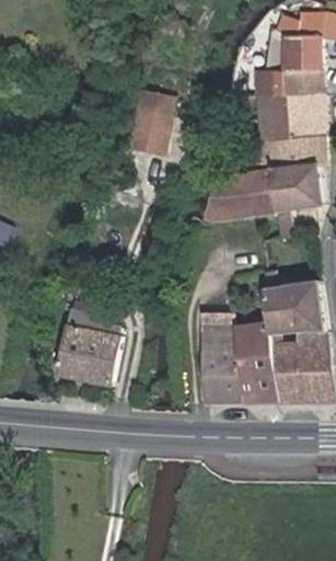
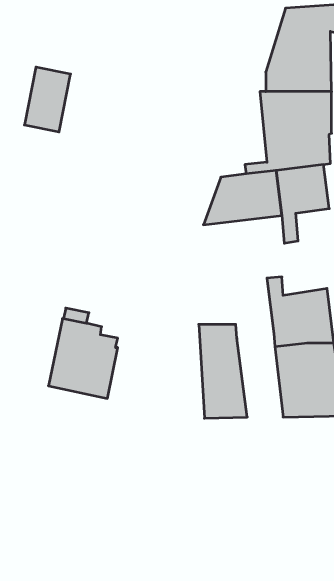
building: [130,91,174,152] -> [24,67,71,132]
building: [234,322,278,401] -> none

